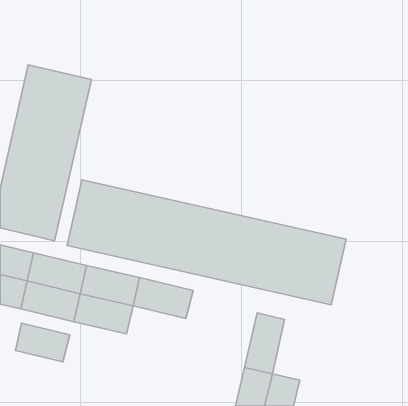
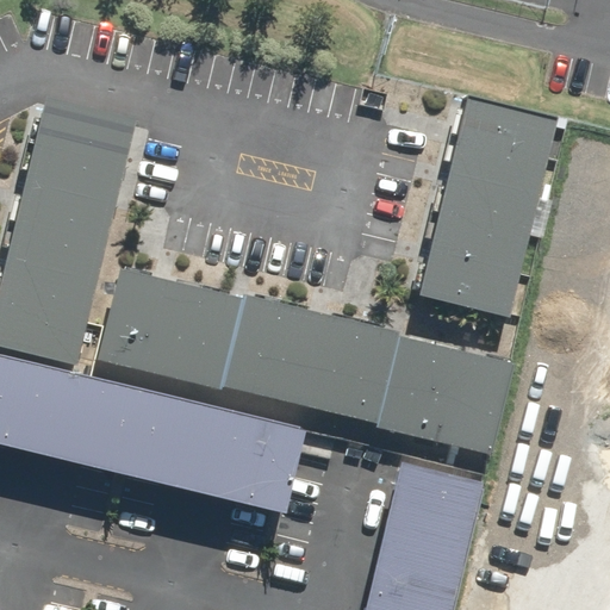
building: none -> [413,94,562,315]
building: none -> [191,454,279,515]
building: none -> [407,474,467,565]
building: [15,323,70,362] -> none

